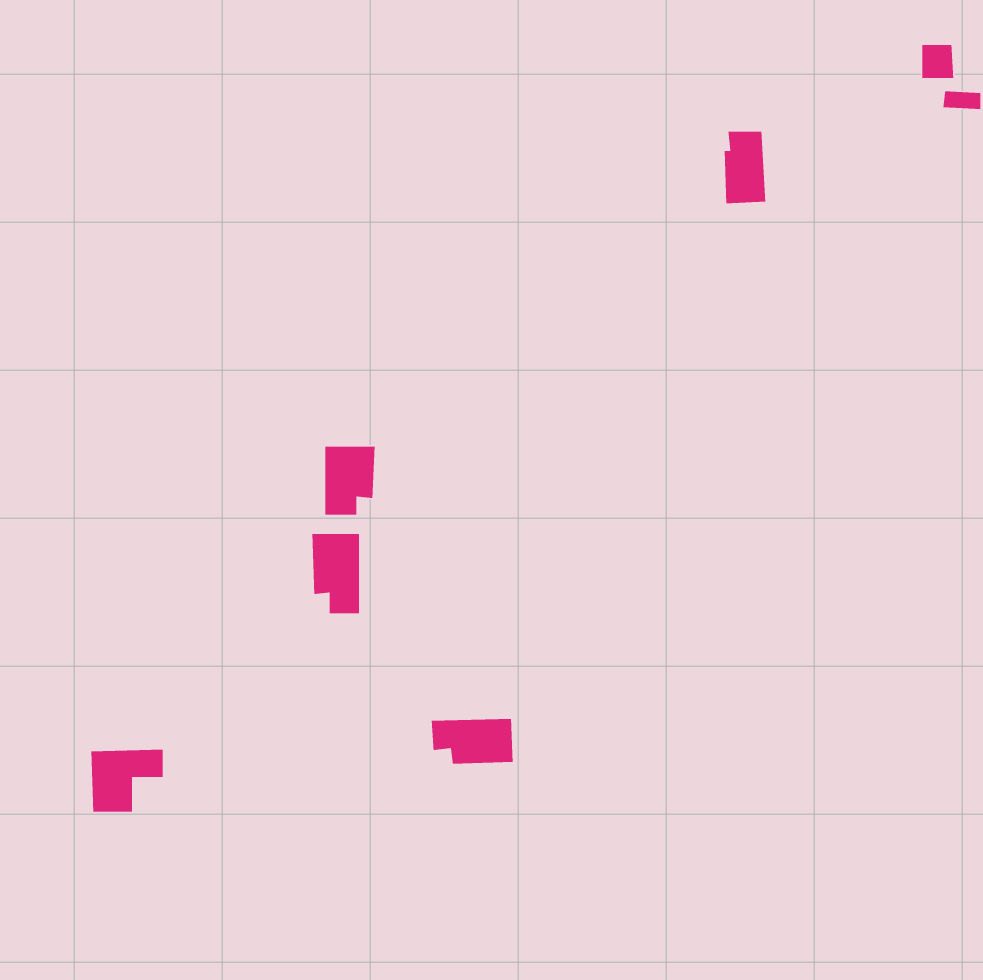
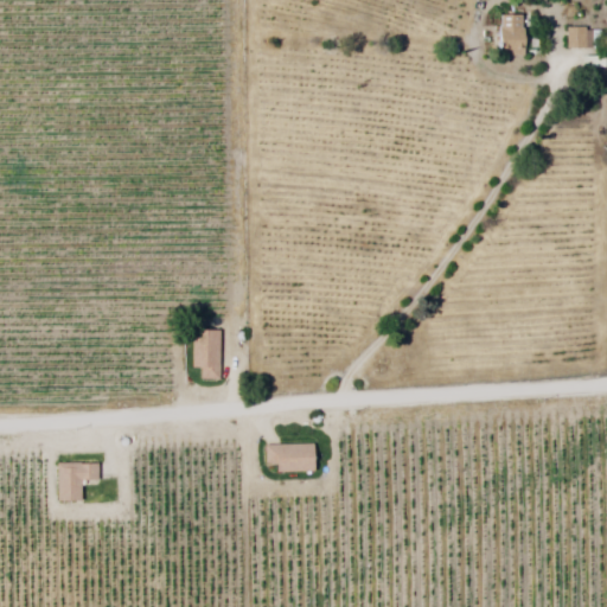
building: [724,131,766,204] -> [499,14,525,59]
building: [325,446,375,515] -> none

